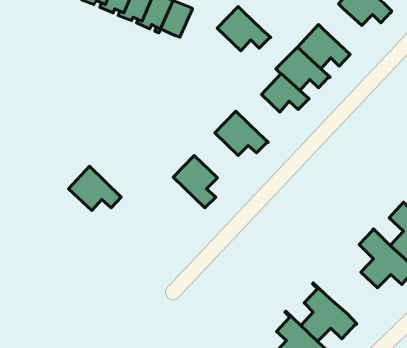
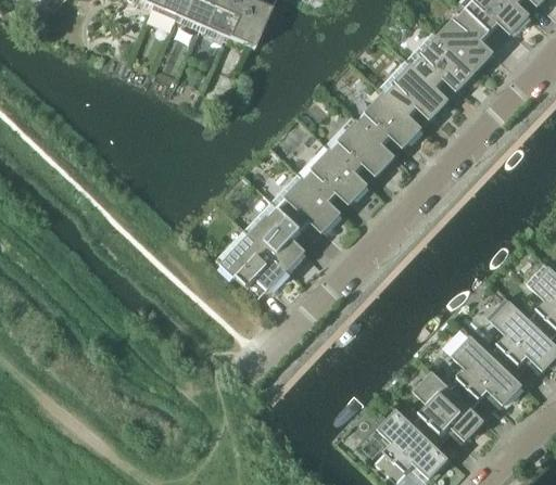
building: [217,7,271,51] -> [327,117,396,175]
building: none -> [441,12,491,72]
building: none -> [273,174,342,232]
building: [69,166,121,210] -> [218,231,287,289]
building: none -> [450,333,523,409]

